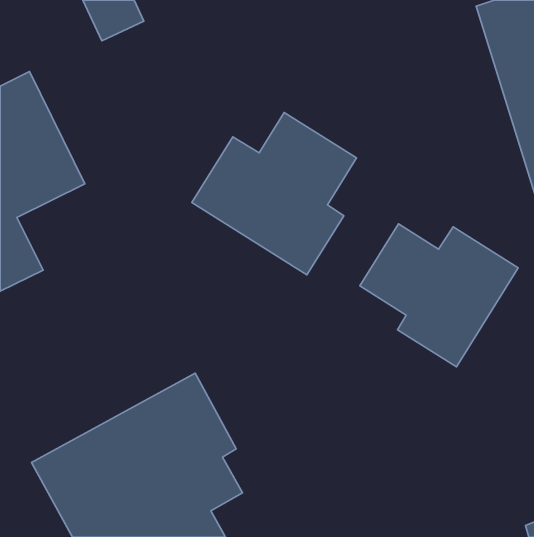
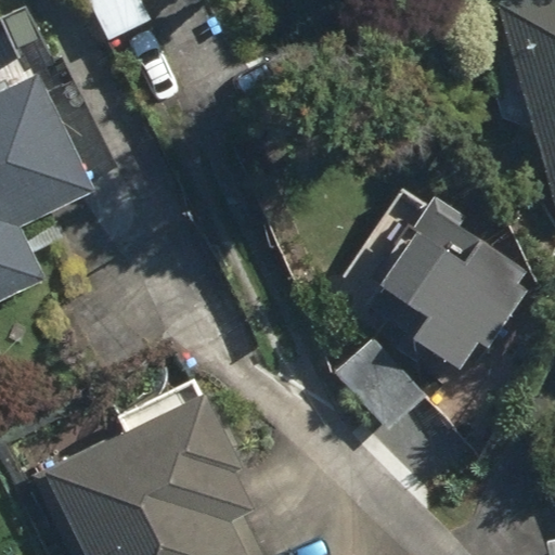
building: [192,113,356,275] -> none

